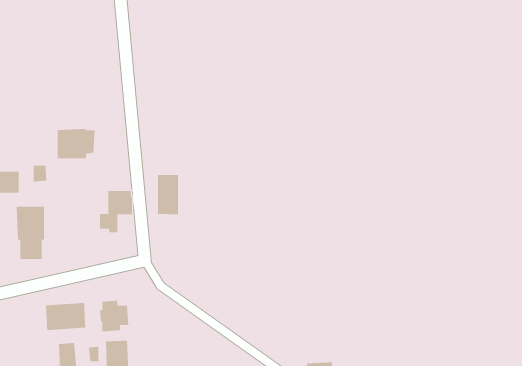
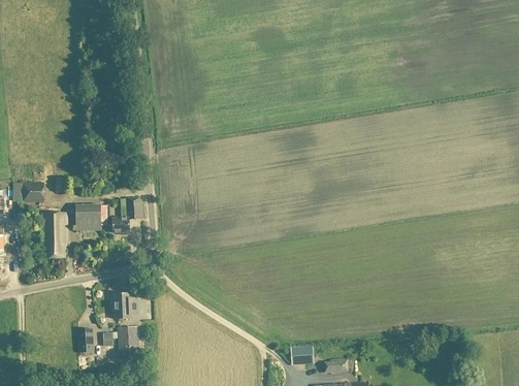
building: [57,129,95,159] -> [76,203,109,229]
building: [157,174,178,215] -> none
building: [45,302,86,331] -> none

